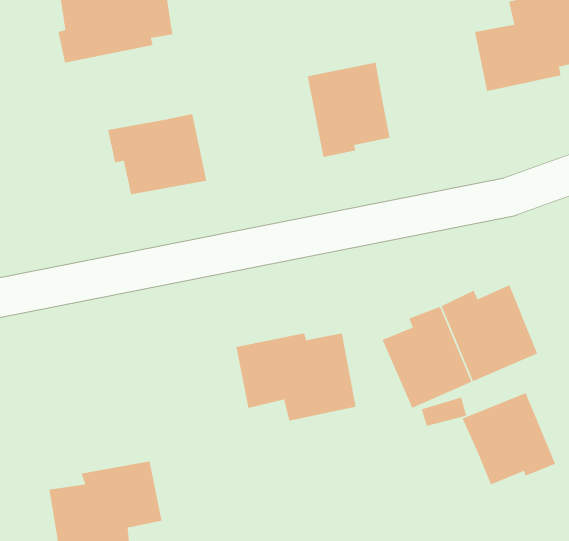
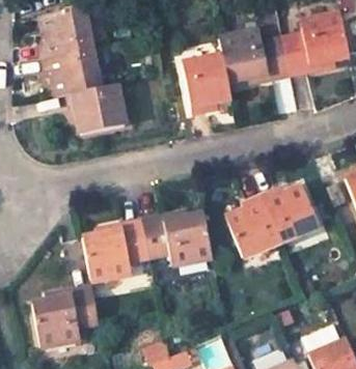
building: none -> [217,27,285,79]
building: none -> [39,45,99,96]
building: none -> [81,220,146,280]
building: [462,392,556,485] -> none

